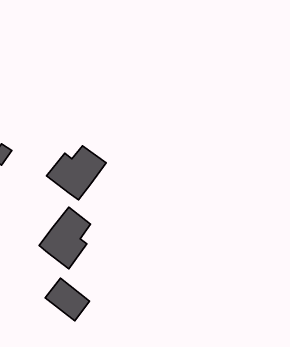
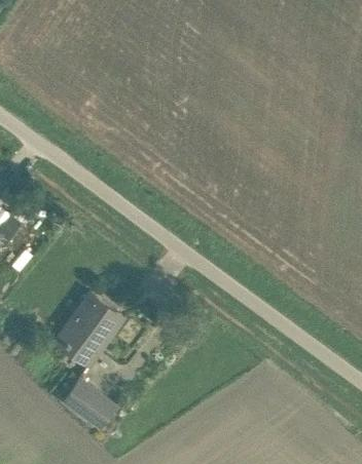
building: [47,146,106,200] -> none

